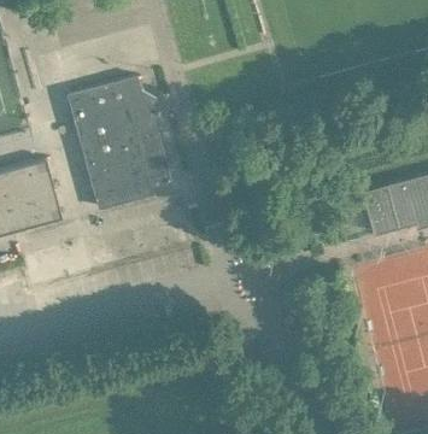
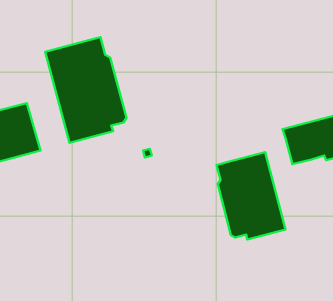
building: none -> [217,152,285,239]

